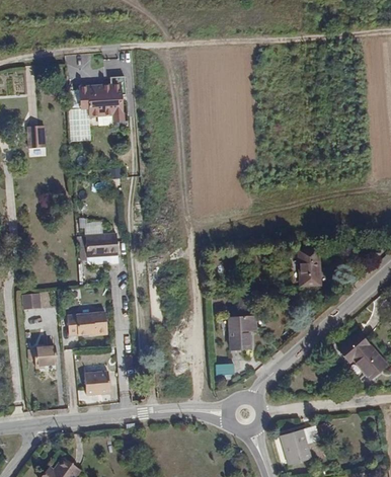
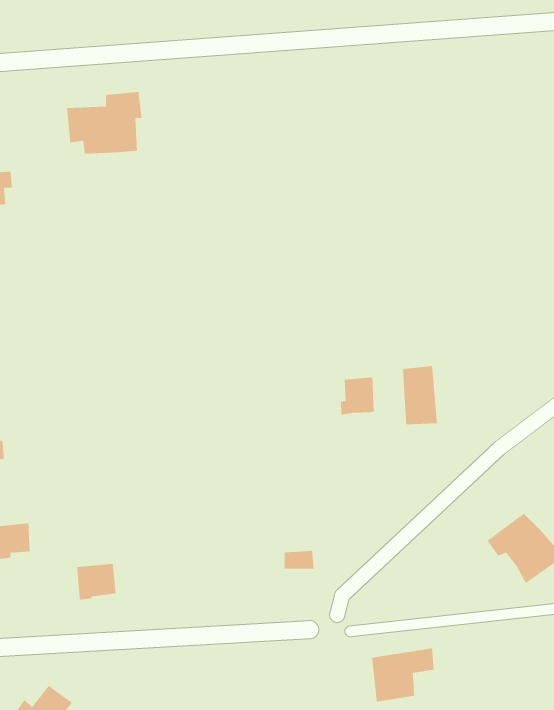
building: [87,235,119,264] -> none
building: none -> [340,377,375,415]
building: [69,313,108,335] -> none
building: [221,318,248,351] -> none

